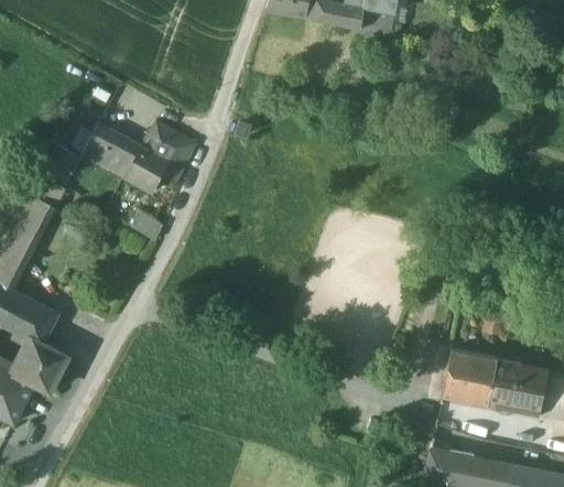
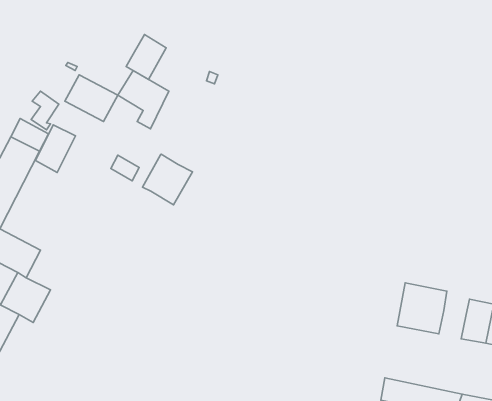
building: none -> [126,35,166,79]
building: [124,147,167,192] -> none
building: none -> [35,125,76,172]
building: none -> [142,154,192,205]
building: [487,379,517,410] -> none

